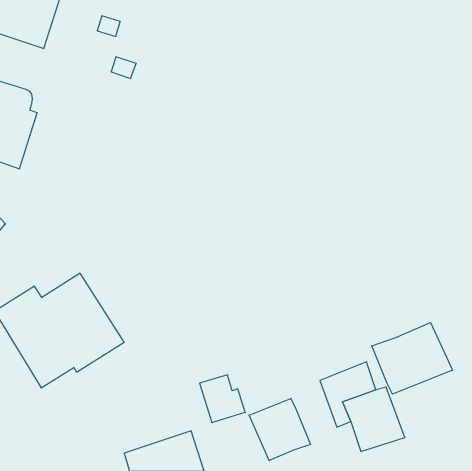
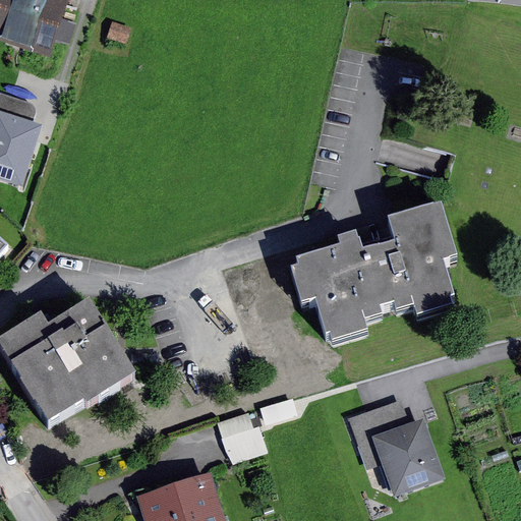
building: none -> [289,202,457,341]
building: [372,323,452,394] -> none
building: [249,398,311,461] -> none

